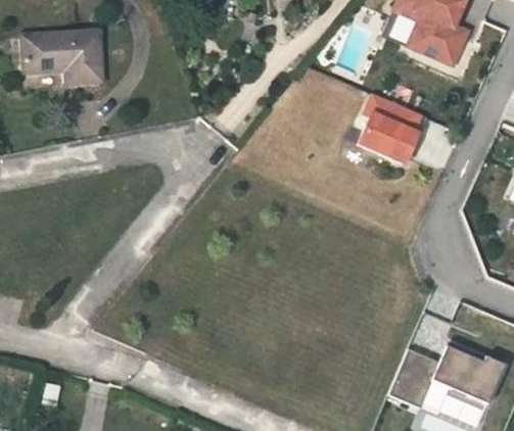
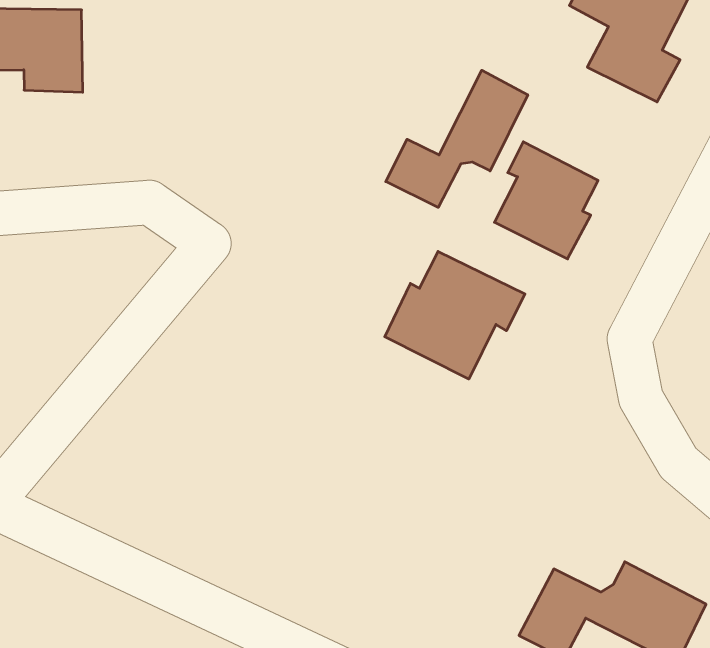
building: none -> [386,70,528,207]
building: none -> [385,251,525,379]

